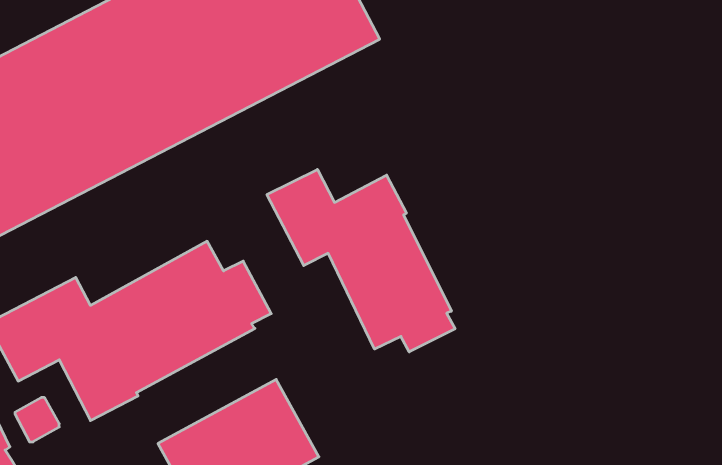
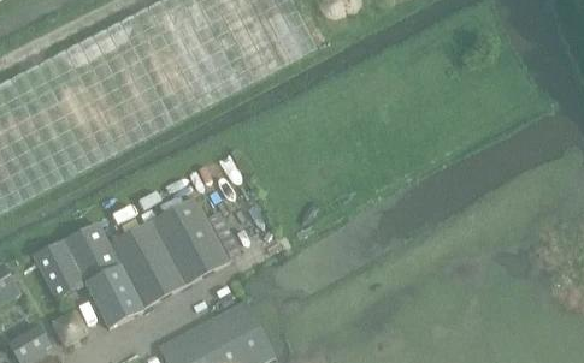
building: [267,169,455,352] -> none

